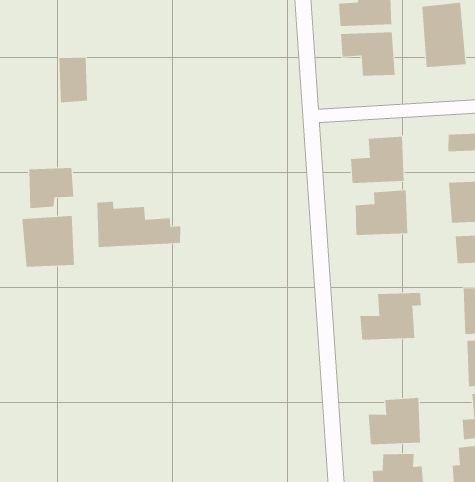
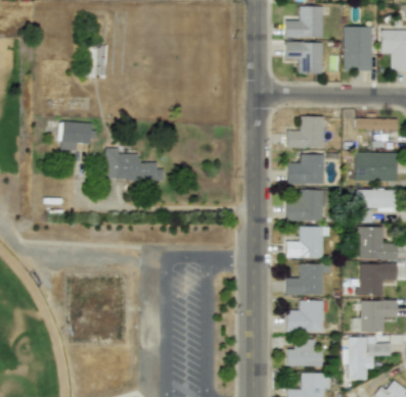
building: [22,215,75,268] -> none
building: none -> [285,190,323,221]
building: none -> [285,264,330,296]

